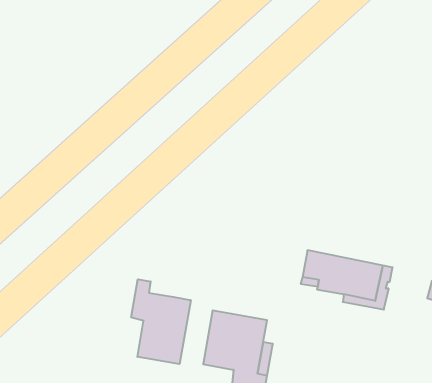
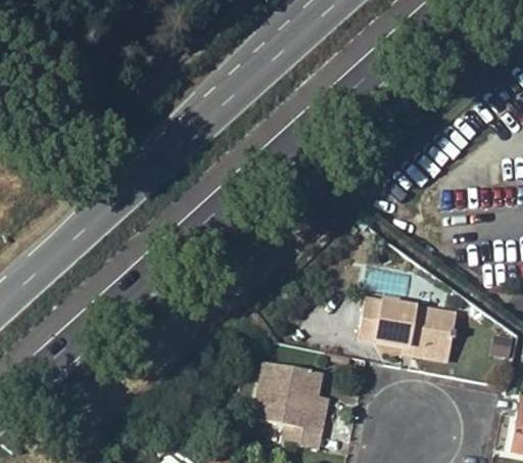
building: [131,279,191,364] -> none

